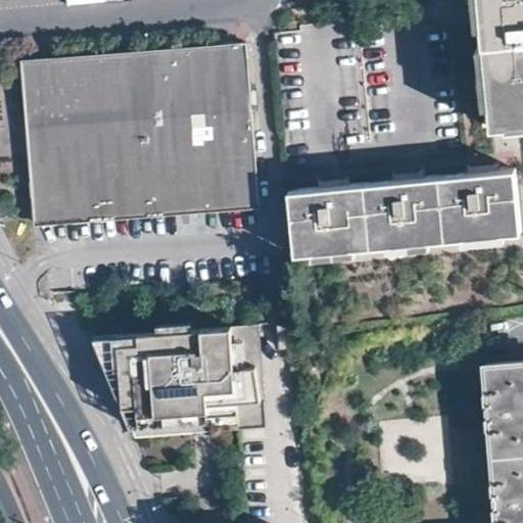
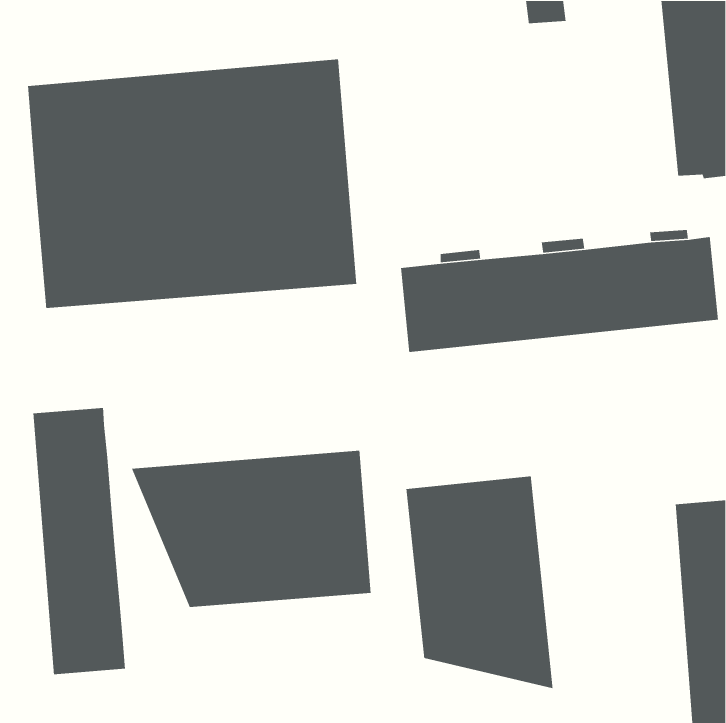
building: none -> [32,407,126,675]
building: none -> [405,475,554,689]

